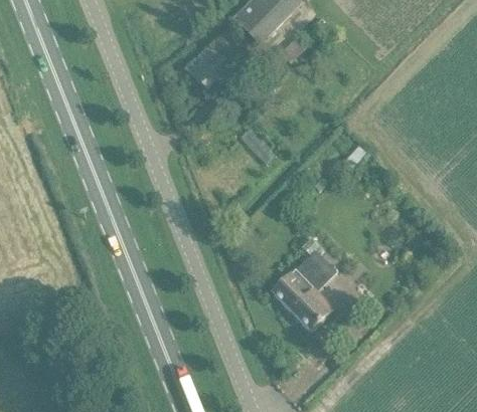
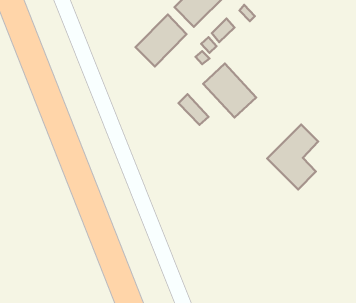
building: none -> [203,64,256,117]
building: [273,249,336,330] -> [267,125,318,189]

